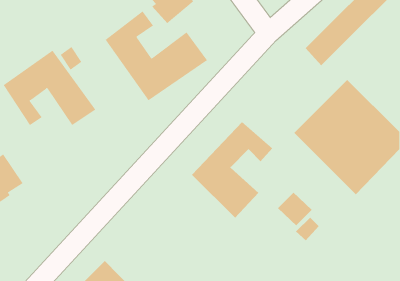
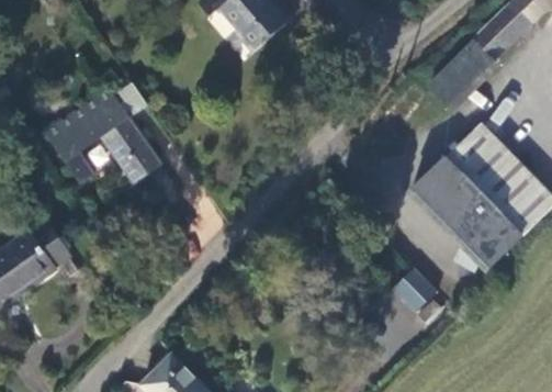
building: [105,11,208,101] -> none
building: [191,121,273,219] -> none

